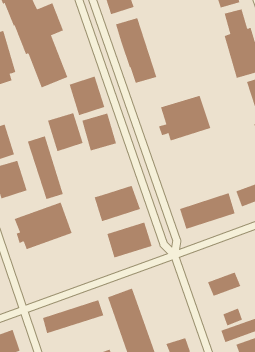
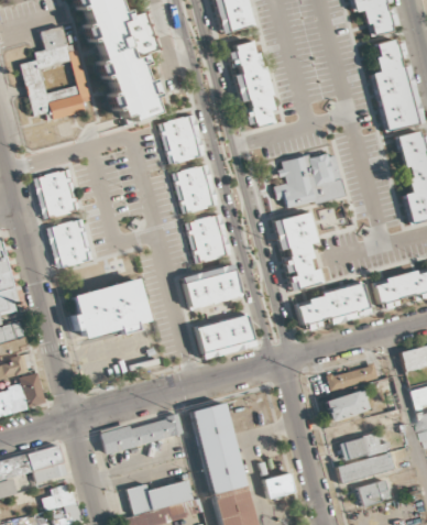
building: [47,113,83,152] -> [184,214,230,264]
building: [27,135,64,200] -> none
building: none -> [272,210,325,291]
building: none -> [326,362,379,391]

